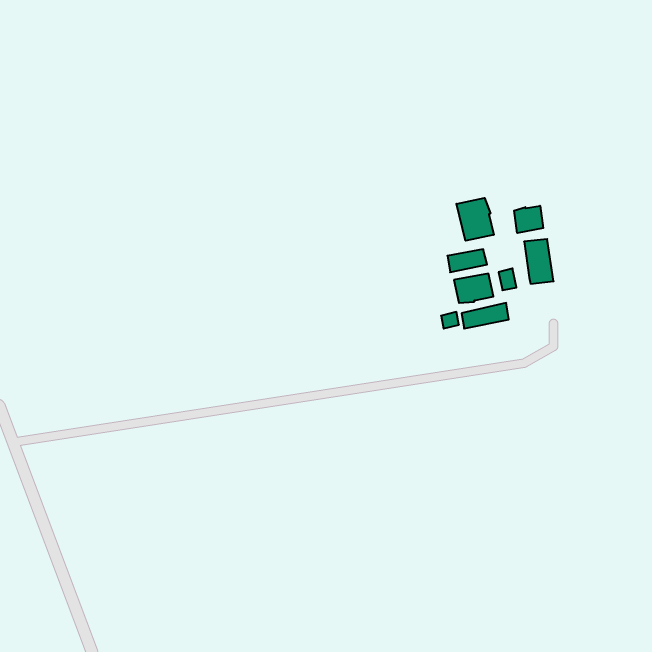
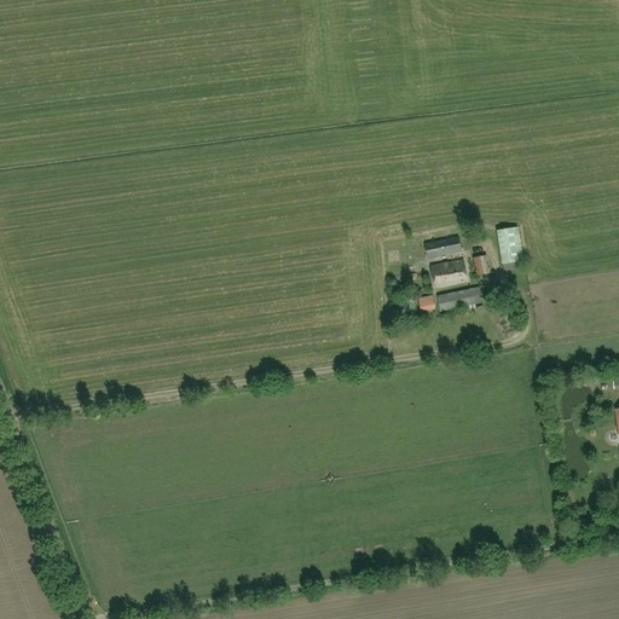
building: [456,198,494,241] -> none
building: [514,206,543,233] -> none

